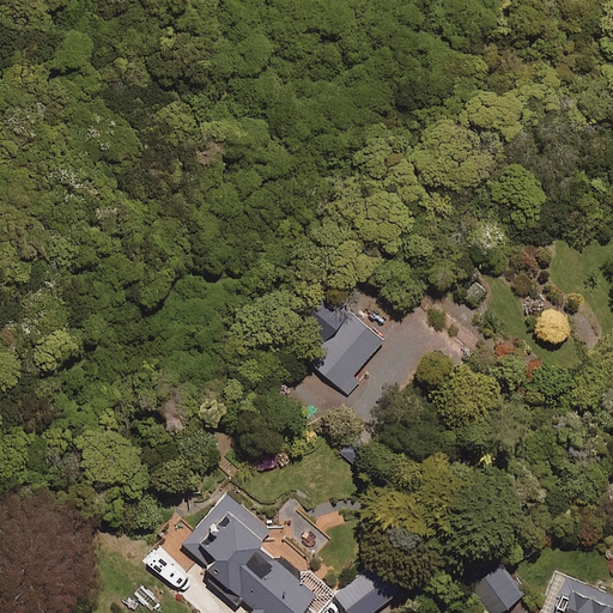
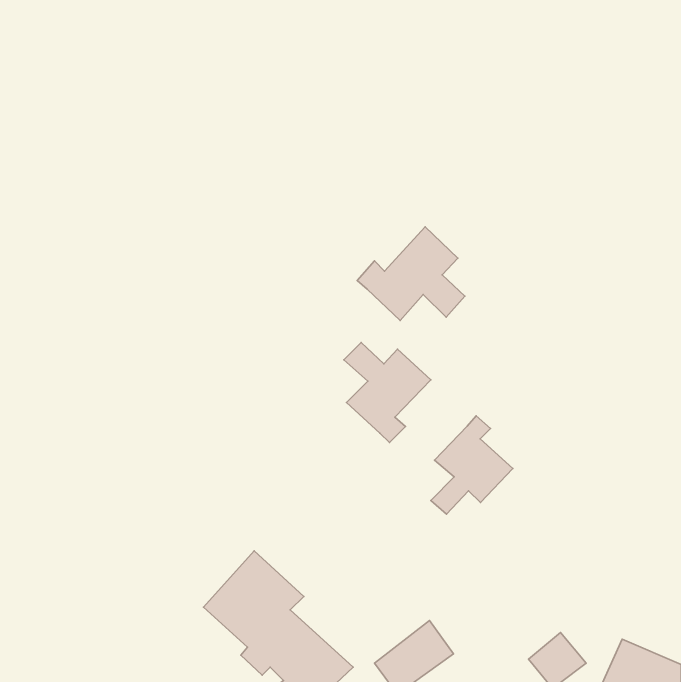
building: none -> [357,227,465,321]
building: none -> [431,416,513,514]

